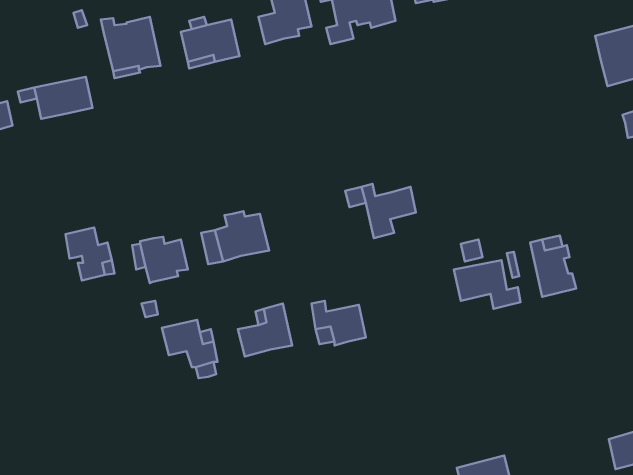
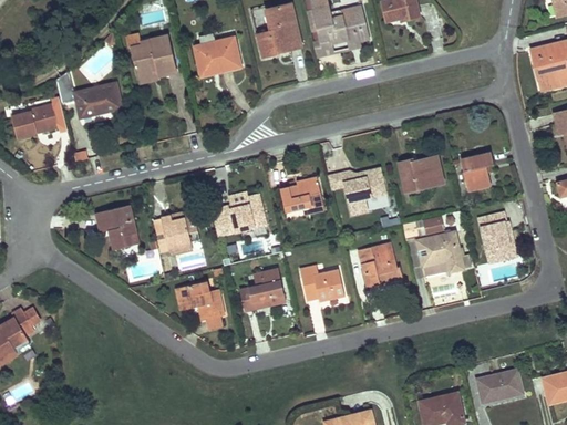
building: none -> [461,152,493,190]
building: none -> [399,156,443,191]
building: none -> [279,177,324,212]
building: none -> [359,245,401,283]
building: none -> [476,370,523,403]

